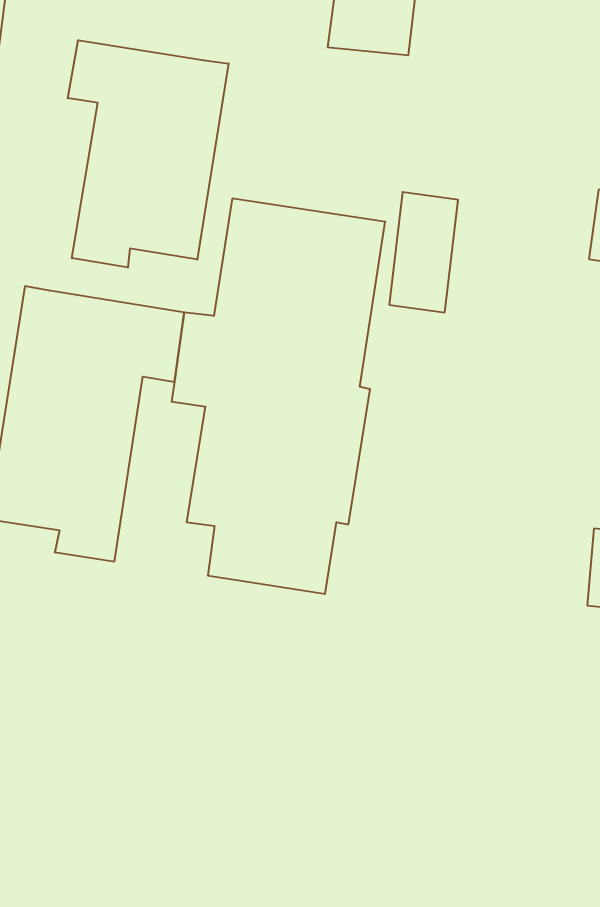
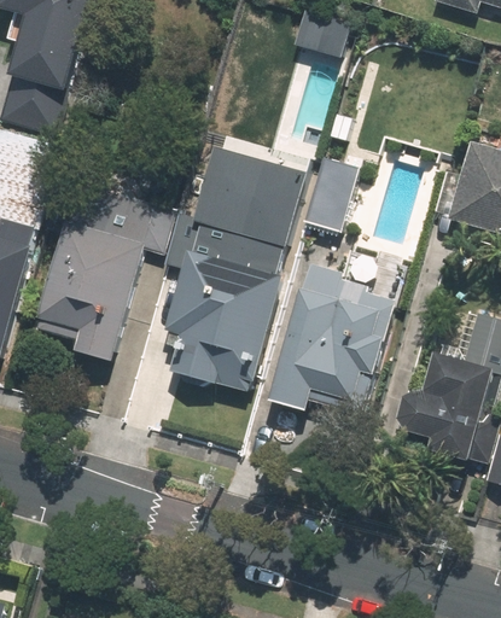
building: [68,40,229,268] -> none
building: none -> [269,260,397,412]

